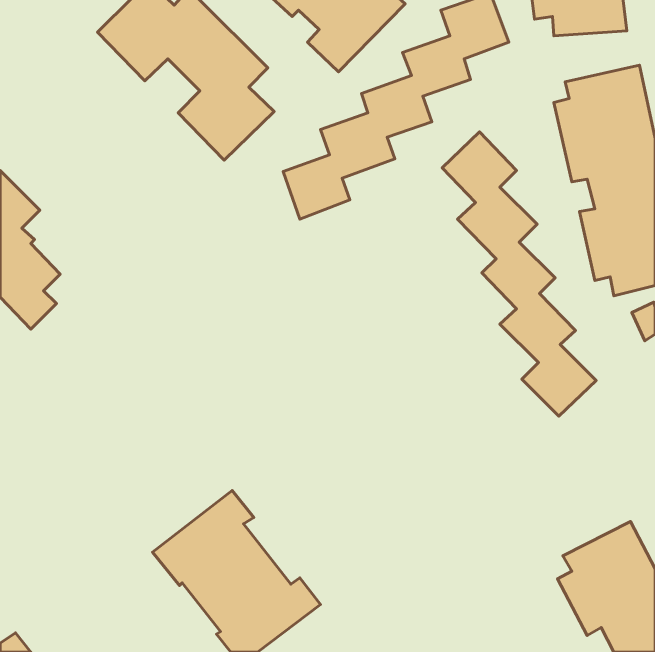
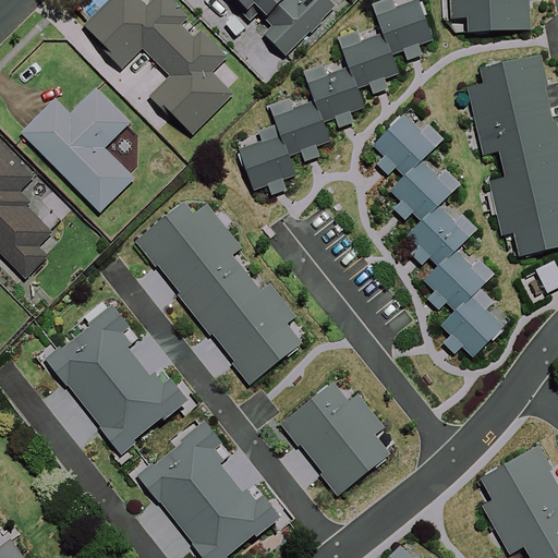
building: none -> [22,92,133,214]
building: none -> [133,196,302,384]
building: none -> [40,301,183,450]
building: none -> [276,378,386,493]

